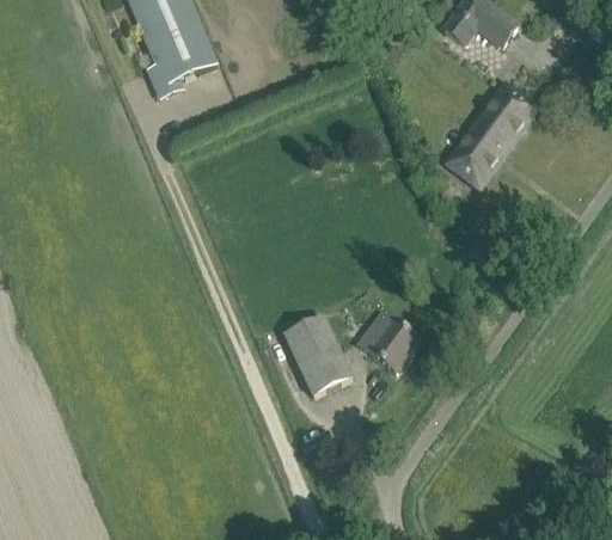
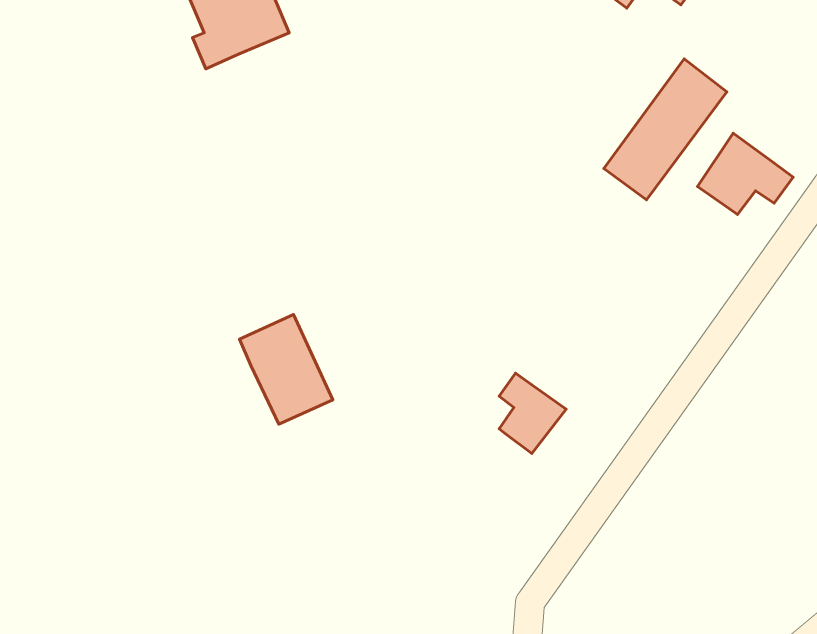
building: none -> [697,133,793,214]
building: [284,314,353,394] -> [239,315,333,424]

